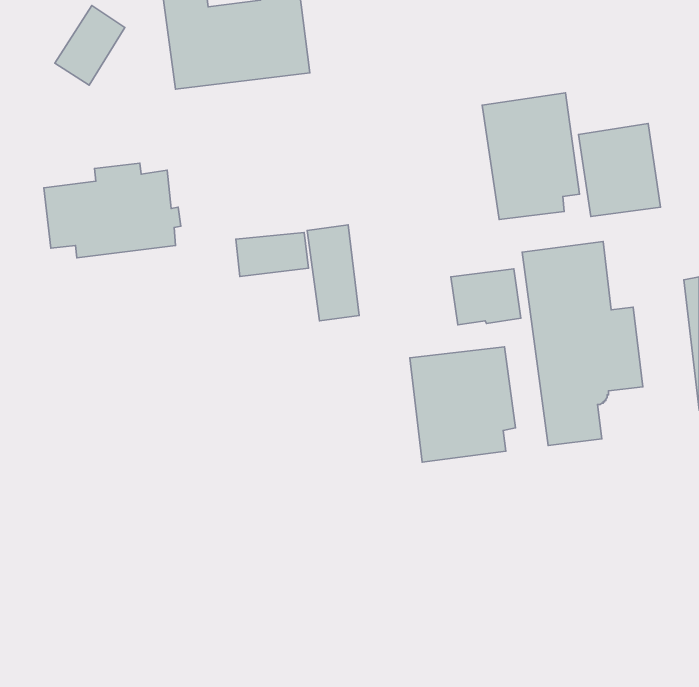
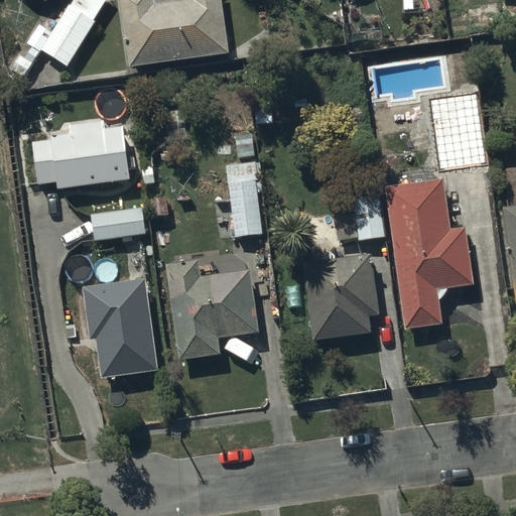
building: [482,93,579,219] -> none
building: [236,232,308,276] -> [92,203,145,235]
building: none -> [165,258,258,361]
building: none -> [82,278,158,378]

